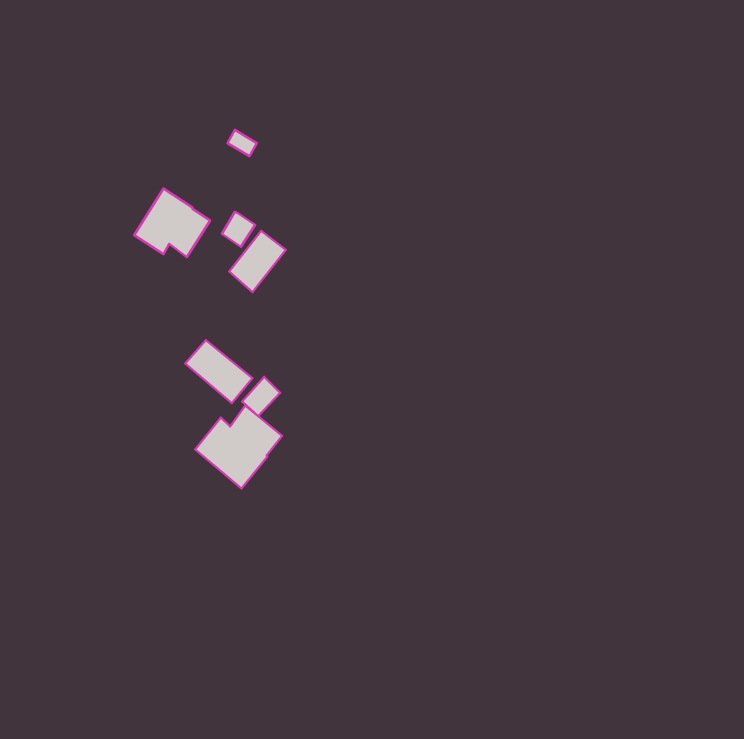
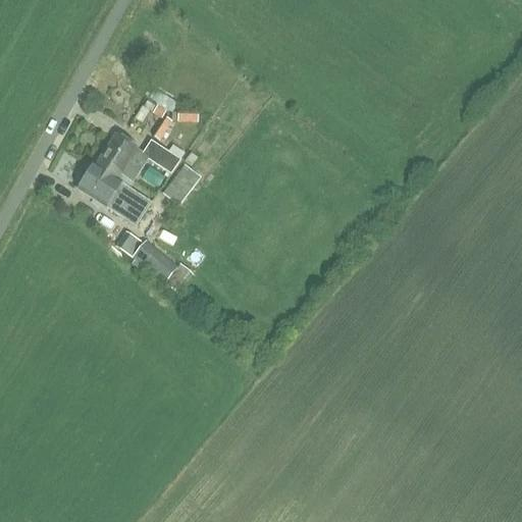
building: none -> [76,162,149,222]
building: [195,406,282,489] -> none

